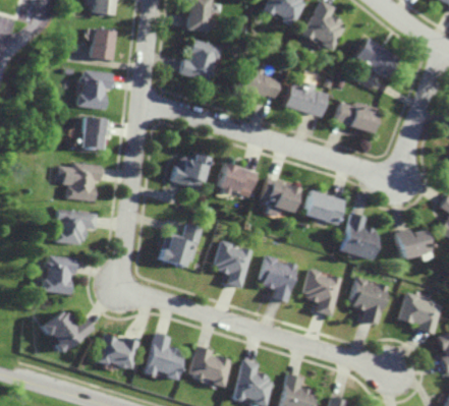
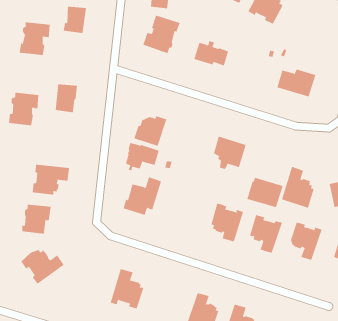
building: [355,38,398,77] -> none
building: [76,70,113,109] -> [19,22,51,56]
building: [283,80,326,117] -> none
building: [65,163,101,201] -> [8,92,39,126]
building: [218,164,258,196] -> [125,143,159,171]
building: [303,190,346,226] -> [246,177,284,208]
building: [215,241,252,289] -> none
building: [94,332,137,366] -> none
building: [188,344,230,385] -> none

